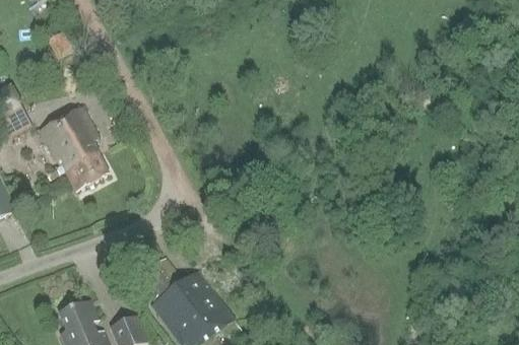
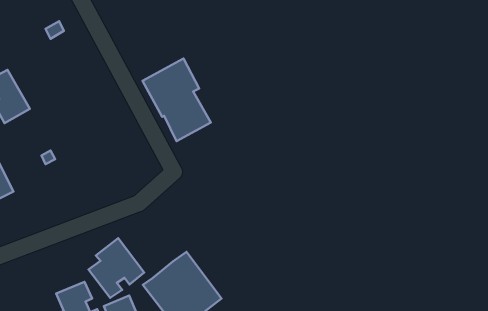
building: [39,106,110,192] -> [143,58,211,141]
building: none -> [88,238,144,298]

